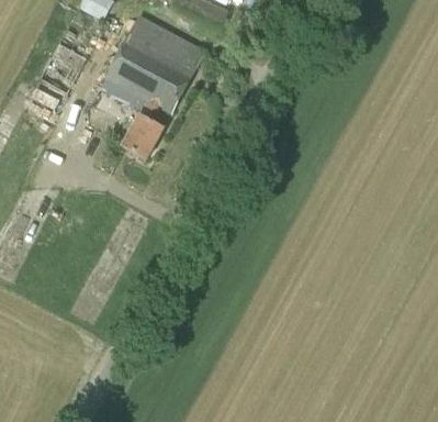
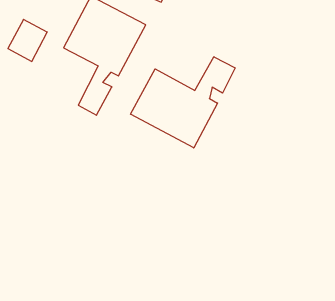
building: none -> [131,57,235,148]

